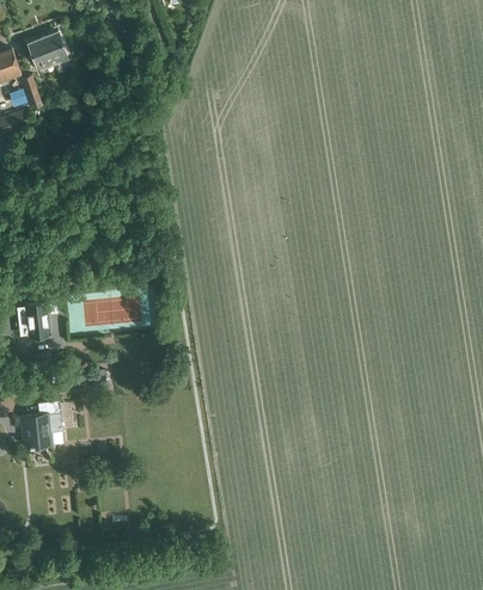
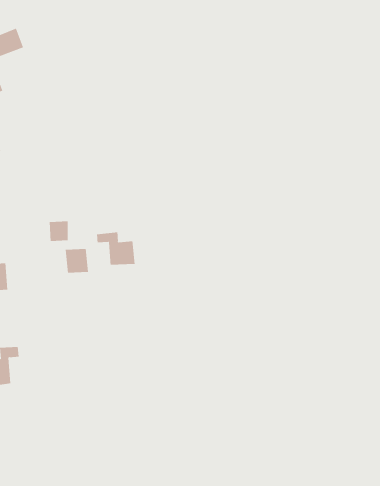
building: none -> [97,232,135,265]
building: [84,294,106,318] -> [49,221,68,241]

